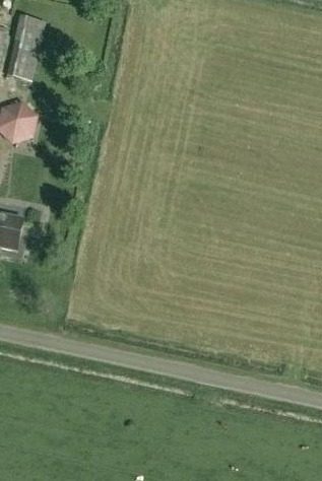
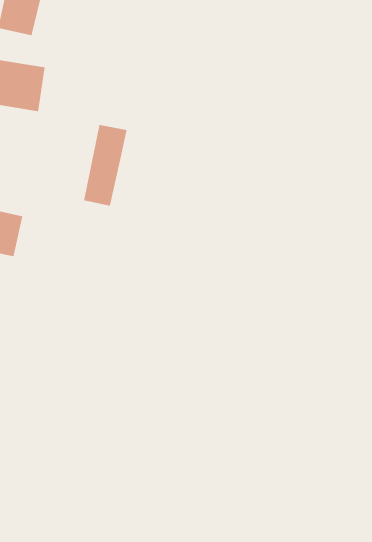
building: none -> [84,124,127,207]

